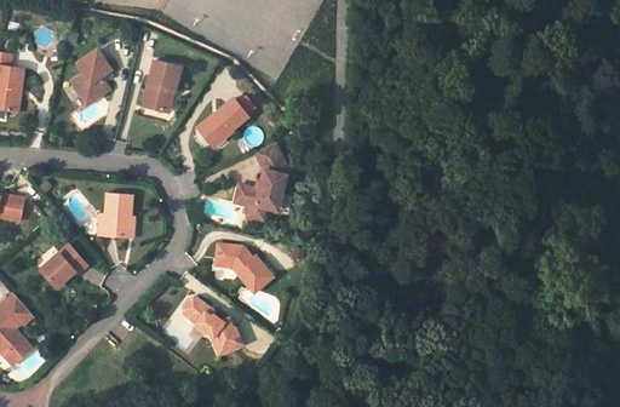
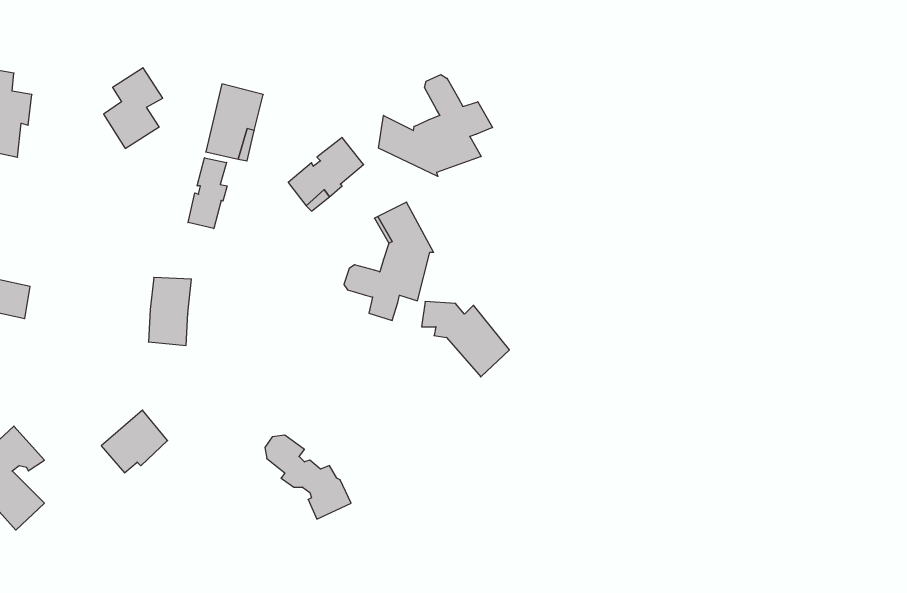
building: none -> [379,75,493,176]
building: none -> [188,158,227,229]
building: [40,243,85,286] -> [101,410,168,473]
building: [211,243,270,294] -> [422,302,509,377]

